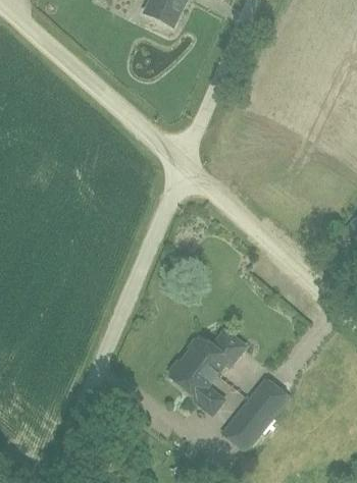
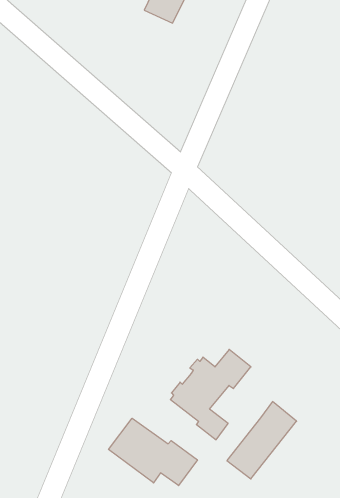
building: none -> [109,418,197,486]

